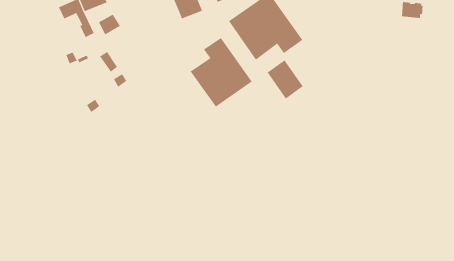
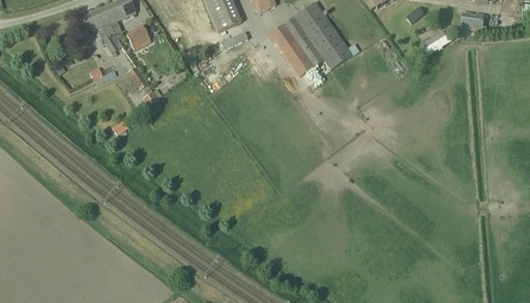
building: [190,37,252,108] -> none
building: [267,59,304,99] -> none

